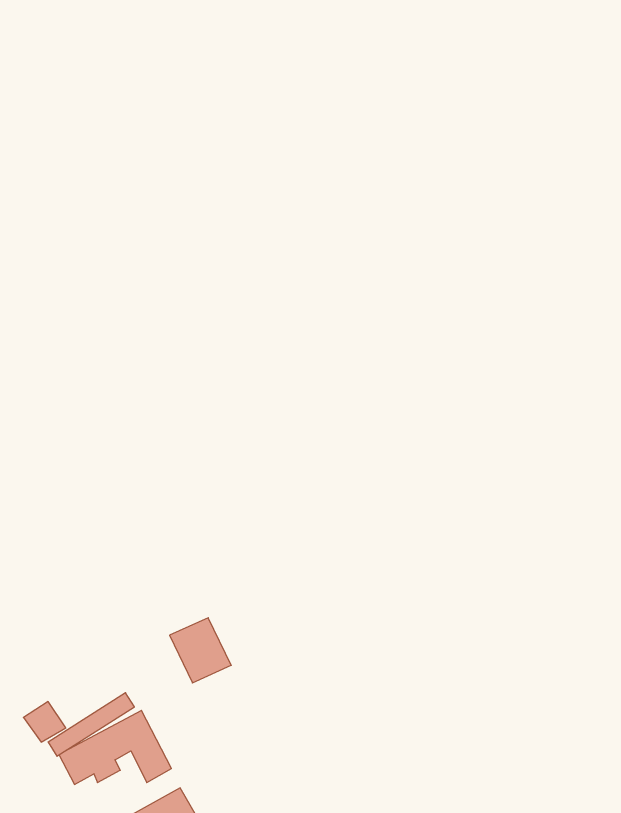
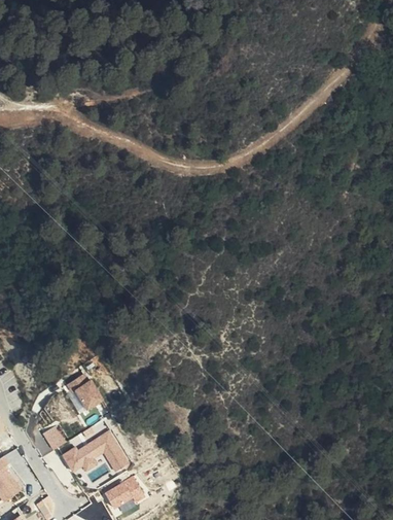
building: [170,618,231,683] -> [65,374,101,412]

